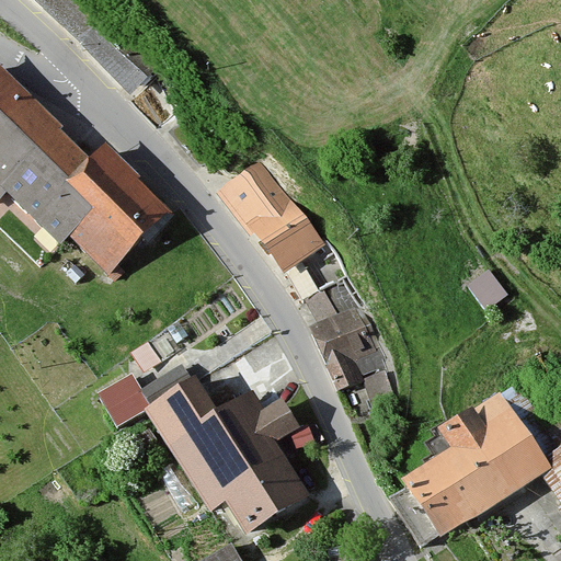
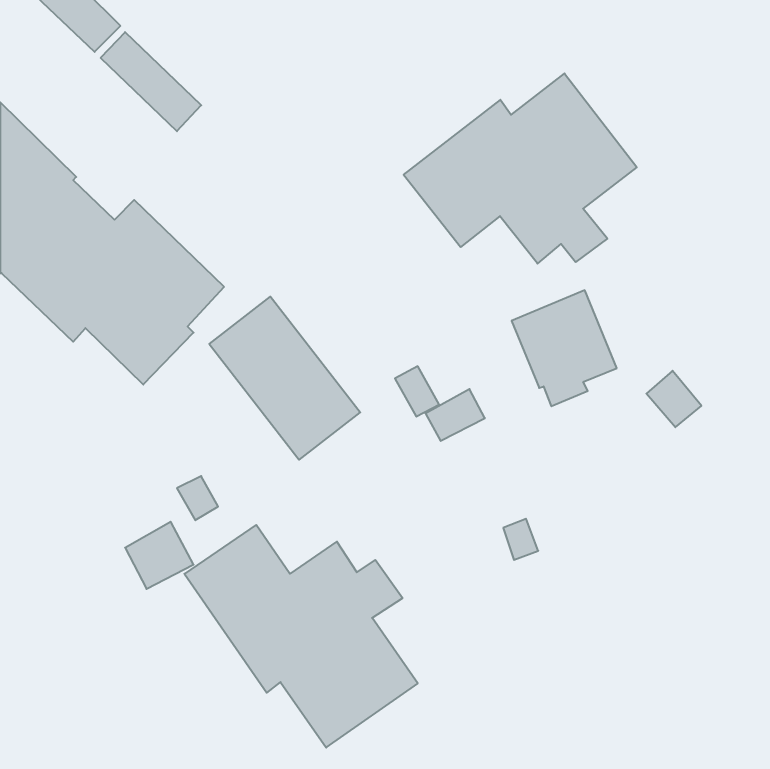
building: none -> [404,73,637,264]
building: [218,157,327,274] -> [209,297,360,460]
building: [319,301,394,385] -> [512,290,617,406]
building: [392,389,551,546] -> none

